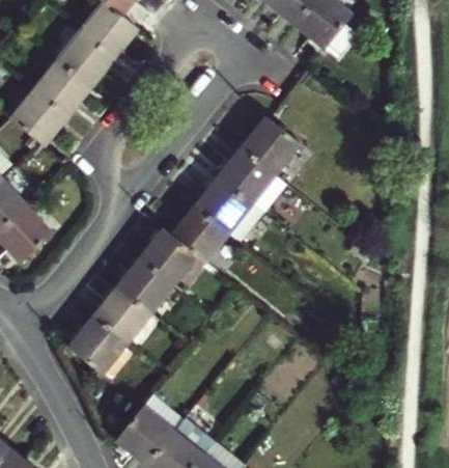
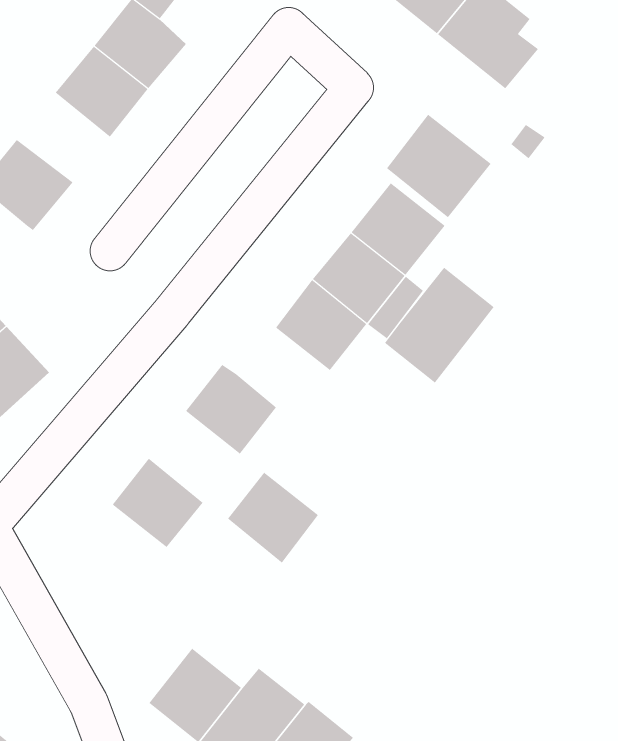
building: [33,59,91,115] -> none
building: none -> [386,114,491,218]
building: none -> [384,267,495,383]
building: [170,205,228,263] -> none
building: [115,257,172,314] -> [227,472,319,564]
building: [67,315,127,374] -> none

